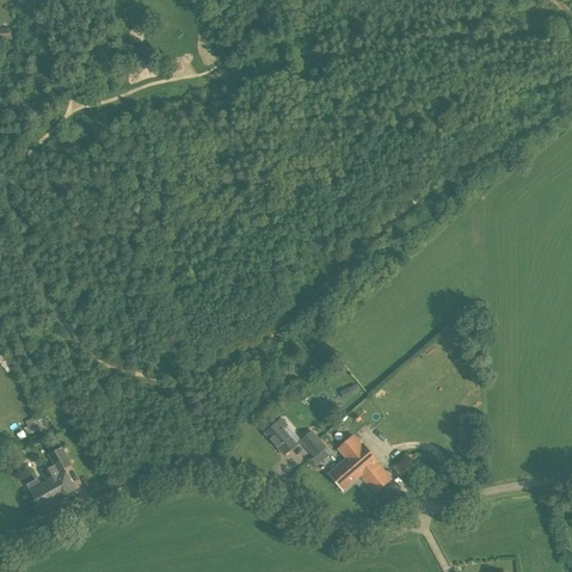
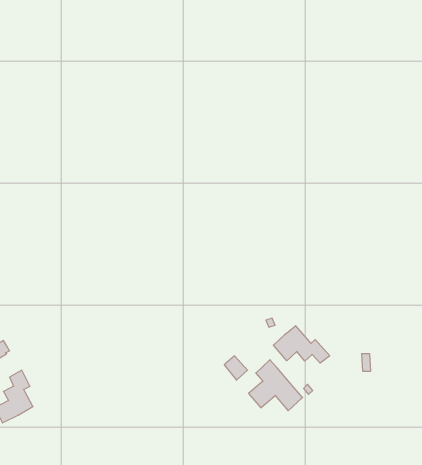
building: none -> [273,326,330,363]
building: [265,418,296,454] -> none

